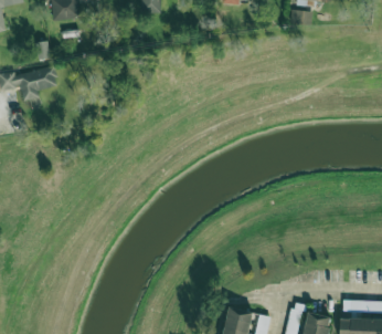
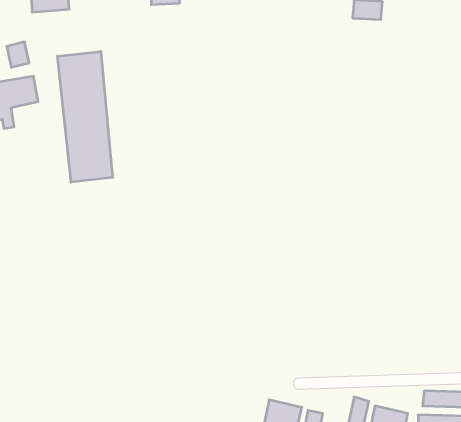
building: none -> [57,51,113,182]

